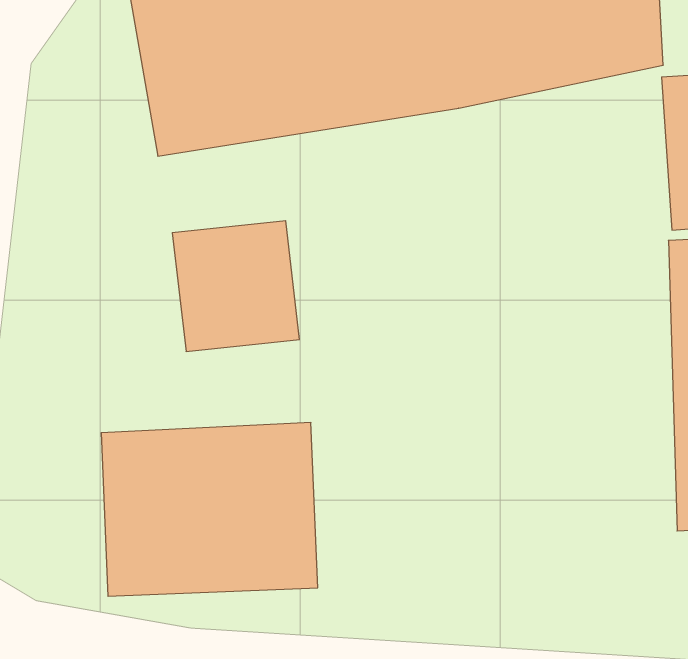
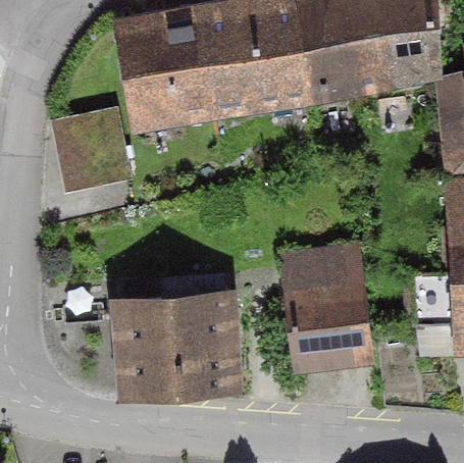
building: [172,221,299,351] -> [64,106,140,184]
building: none -> [276,243,369,369]

